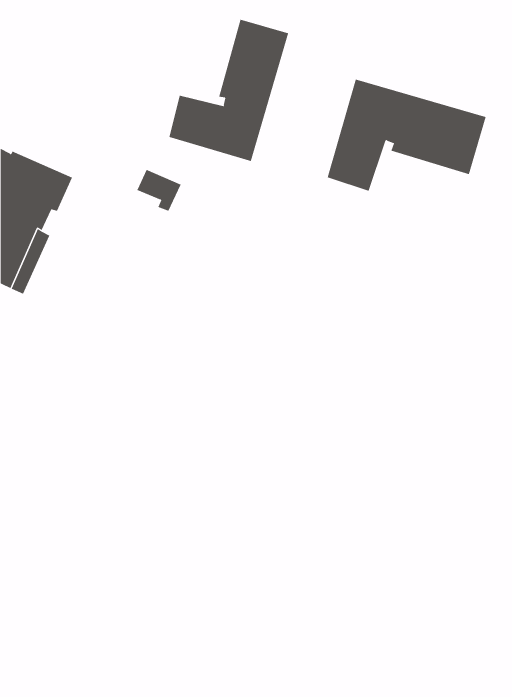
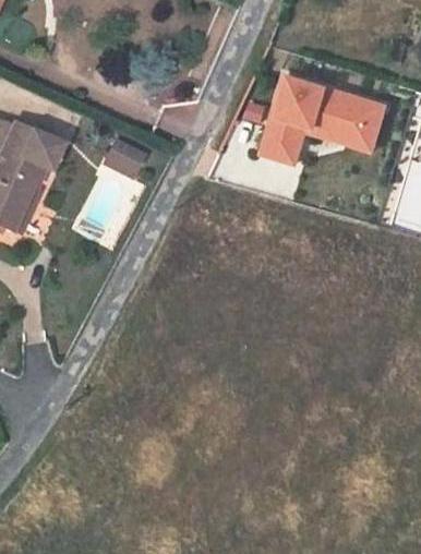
building: [169,19,289,162] -> none

